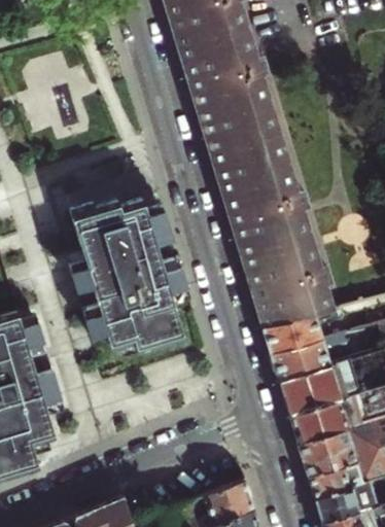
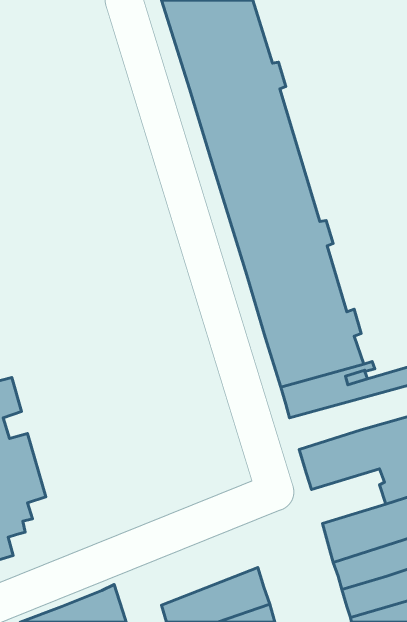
building: [65,197,188,355] -> none
building: [271,332,349,380] -> none
building: [289,396,352,443] -> none

